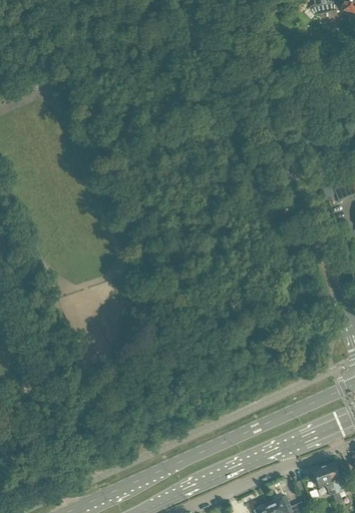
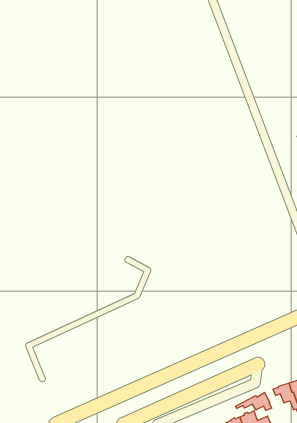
building: none -> [236,392,272,411]

